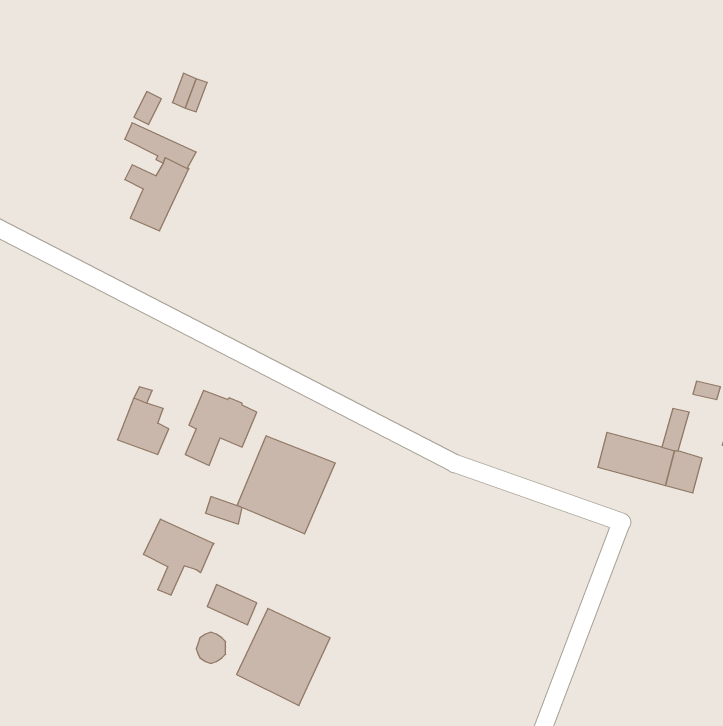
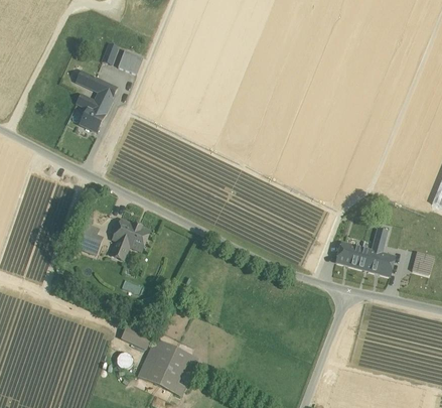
building: none -> [118,49,143,74]
building: [237,436,335,534] -> none
building: [144,519,214,595] -> none

